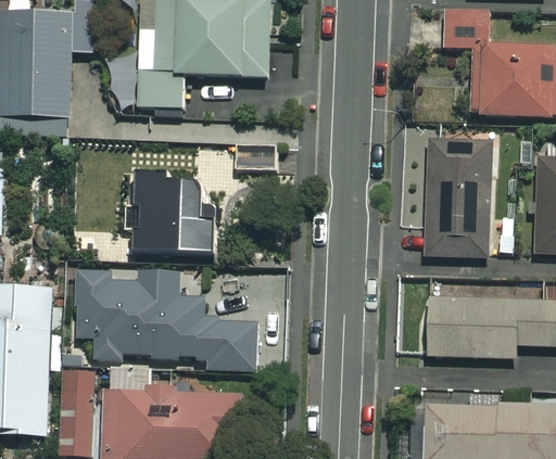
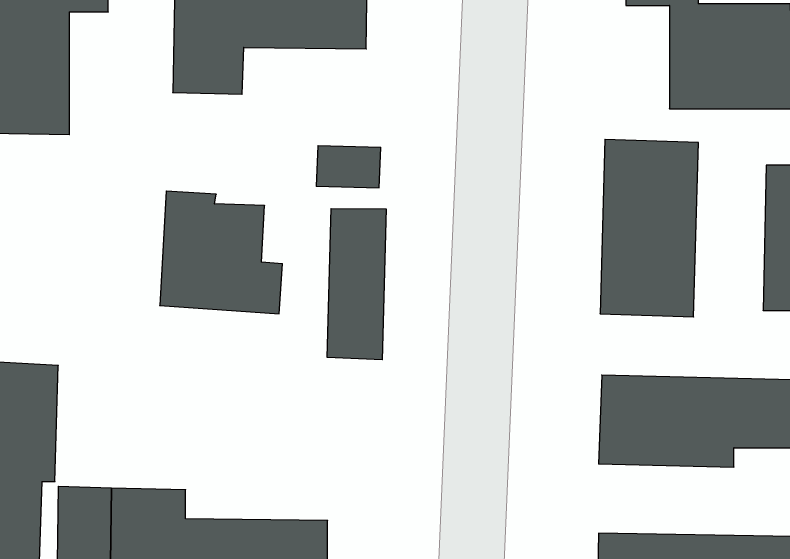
building: none -> [327,209,386,360]
building: [77,270,255,370] -> none

